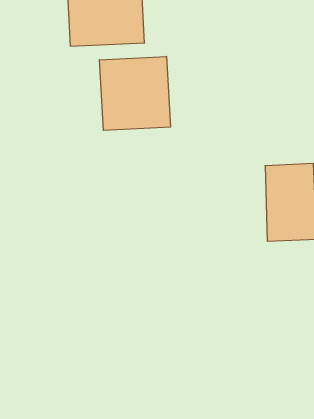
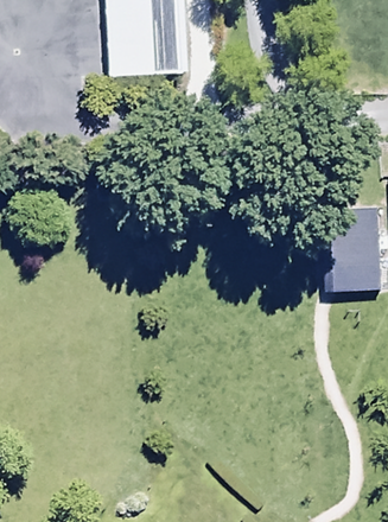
building: [99,56,170,130] -> none

